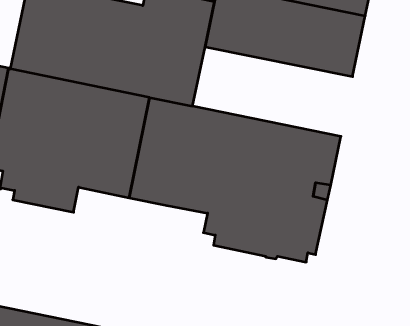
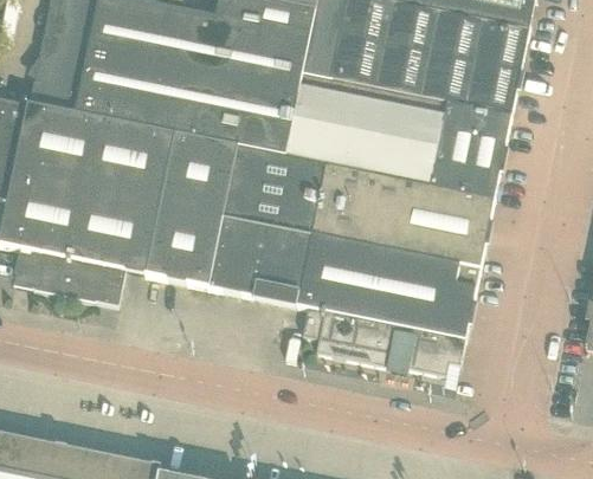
building: none -> [284,71,509,196]

